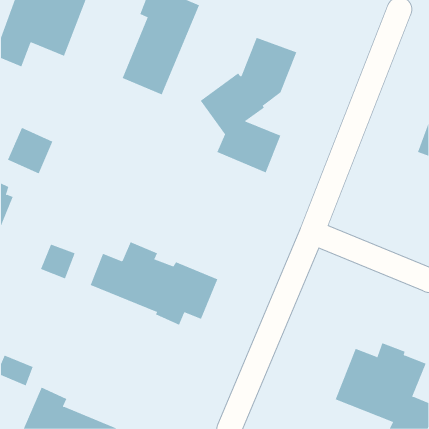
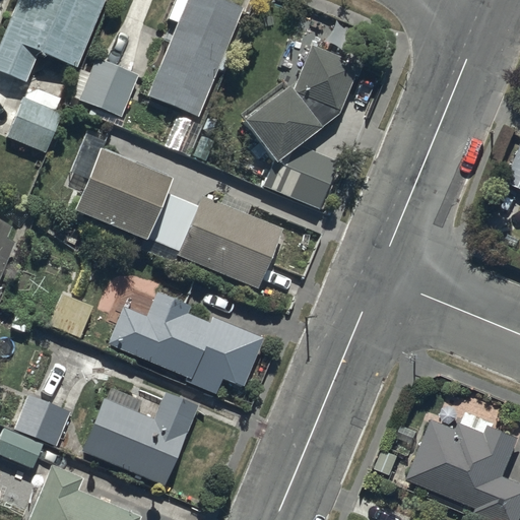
building: none -> [71,58,138,117]
building: none -> [74,146,284,286]
building: [7,127,53,174] -> [5,95,61,152]
building: none -> [84,386,199,485]
building: none -> [14,397,69,446]

